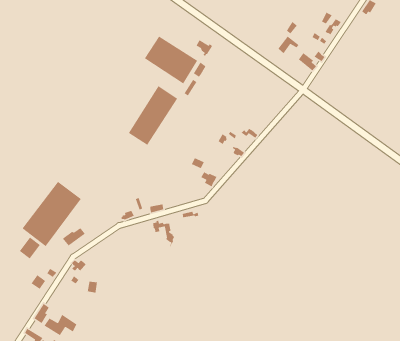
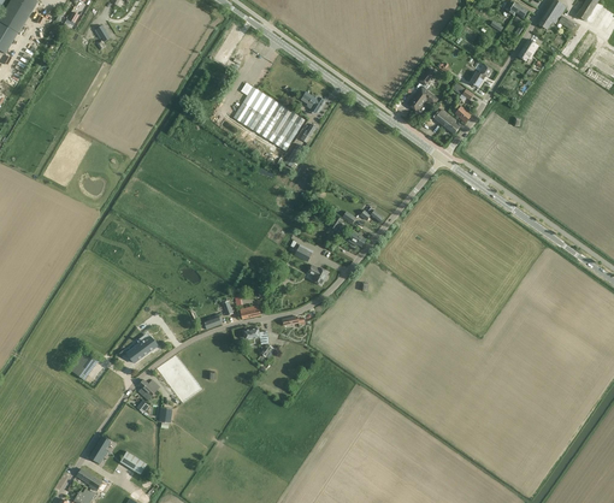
building: [128,85,178,146] -> none
building: [22,181,82,247] -> none

